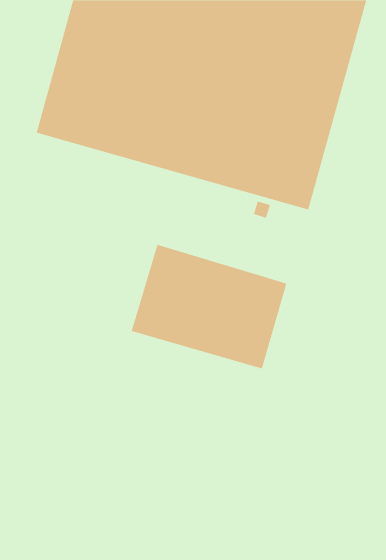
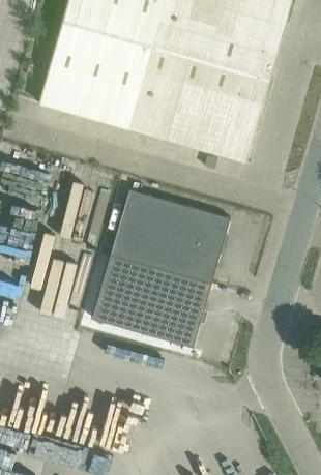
building: none -> [92,254,211,347]

